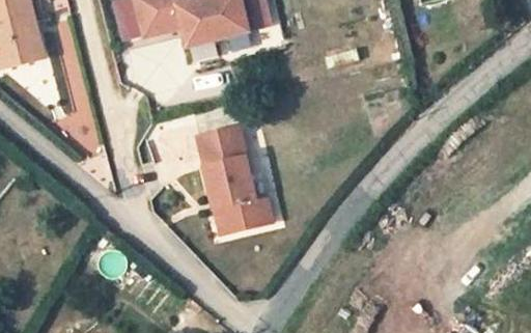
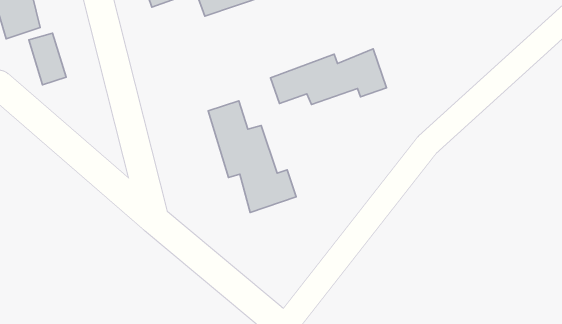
building: none -> [271,49,387,104]

